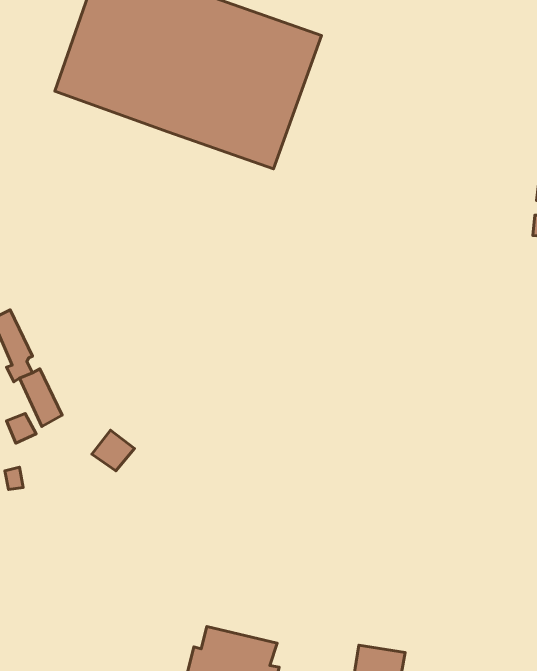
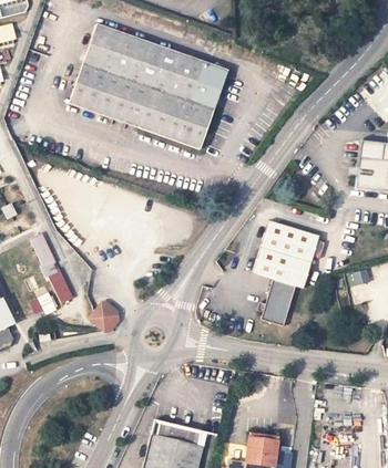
building: none -> [252,220,319,325]

